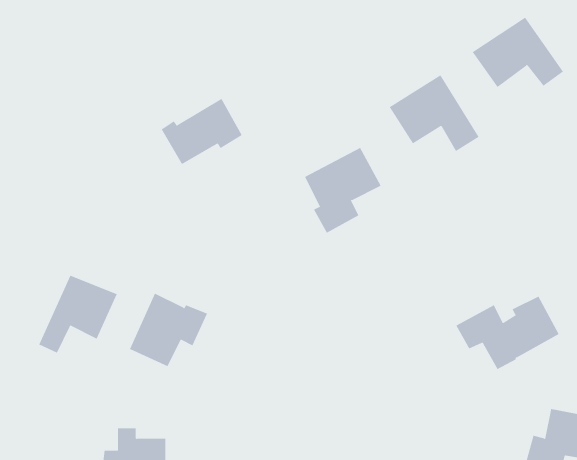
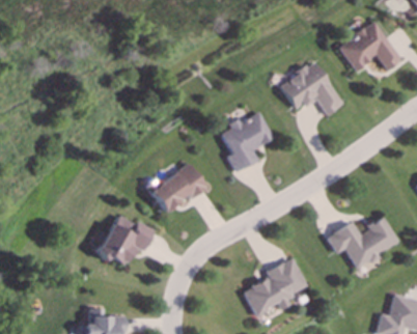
building: [161,98,242,165] -> [147,164,204,211]
building: [39,275,117,353] -> none
building: none -> [242,258,306,316]

